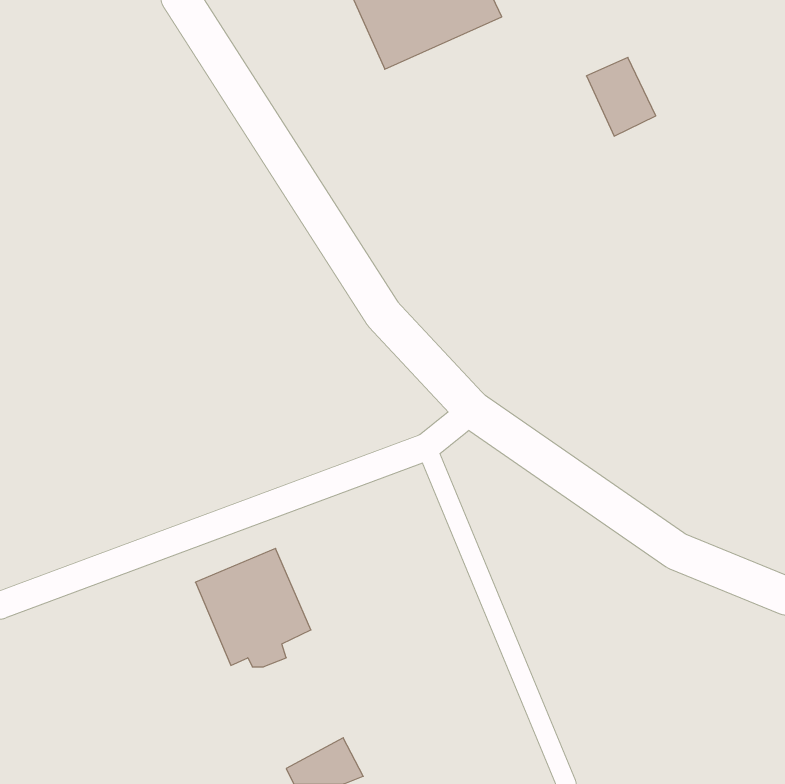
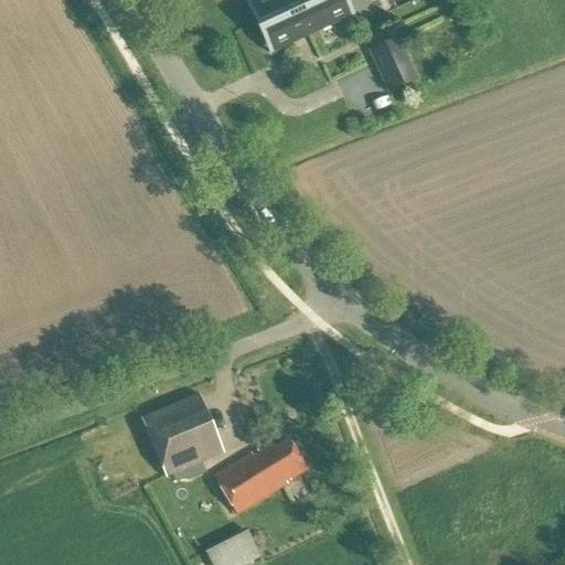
building: [586,57,656,136] -> [369,35,418,92]
building: none -> [215,436,309,512]

